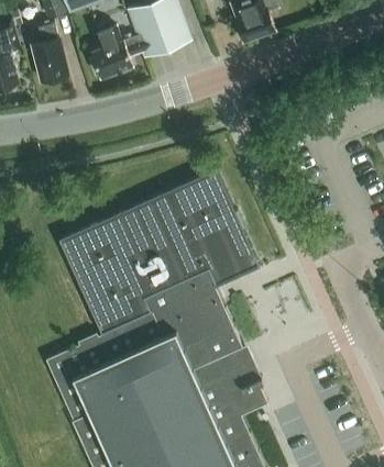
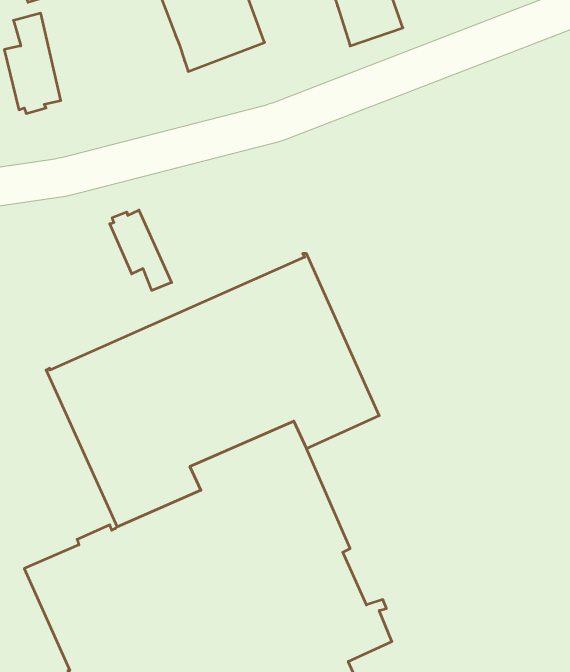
building: [90,25,142,78] -> none
building: none -> [110,210,172,290]

